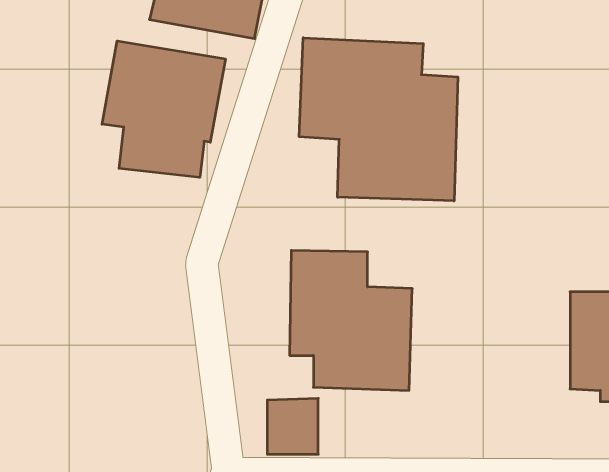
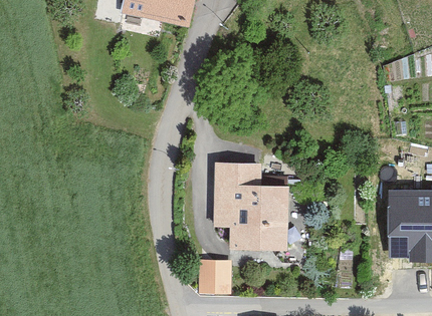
building: [299,38,458,201] -> none
building: [102,41,225,177] -> none

